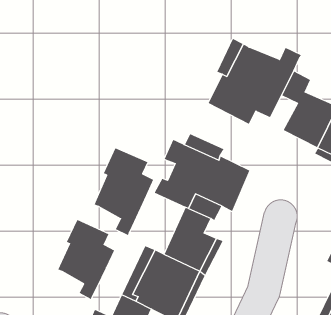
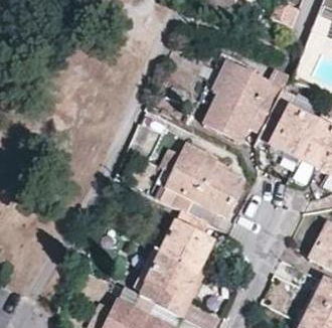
building: [94,147,154,236] -> none
building: [58,219,115,300] -> none

